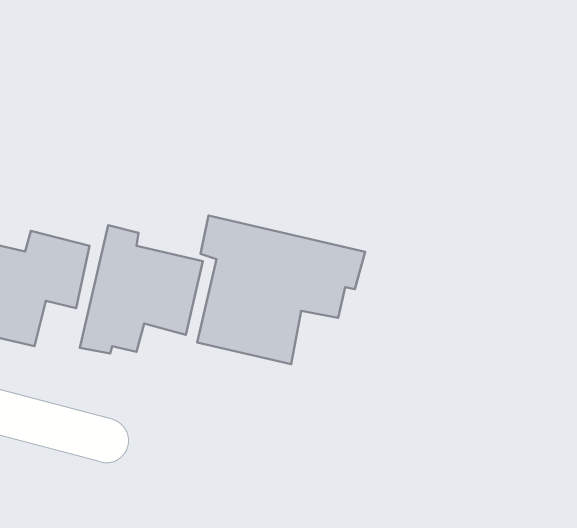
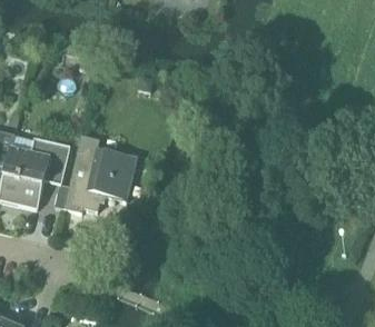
building: [197,216,365,364] -> none

